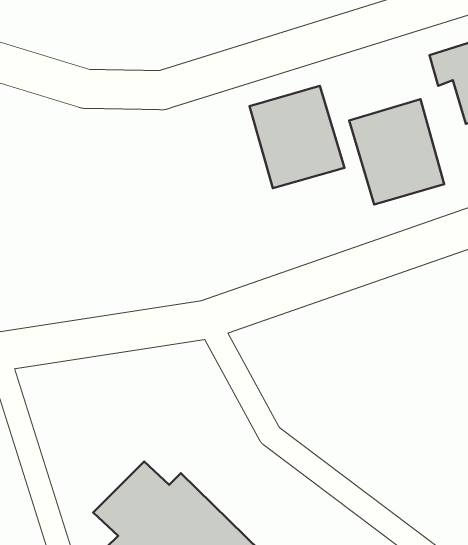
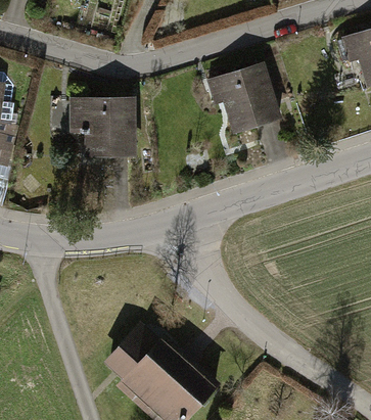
building: [349,99,444,205] -> none
building: none -> [66,96,134,154]

